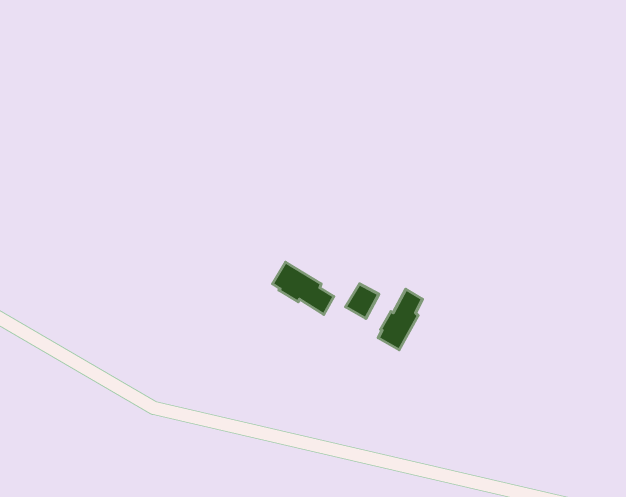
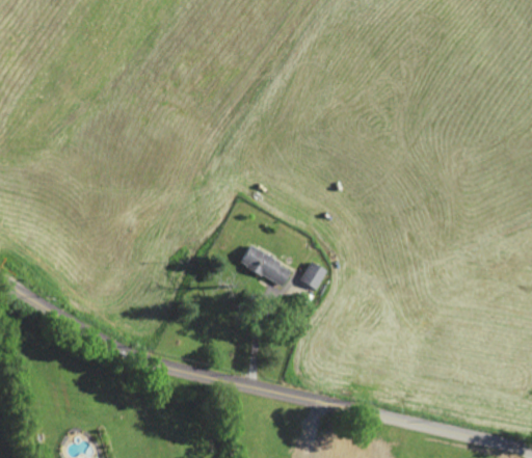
building: [378,289,423,350] -> none

